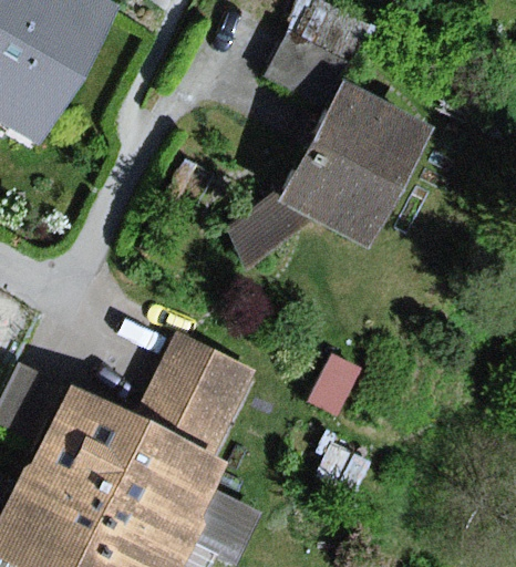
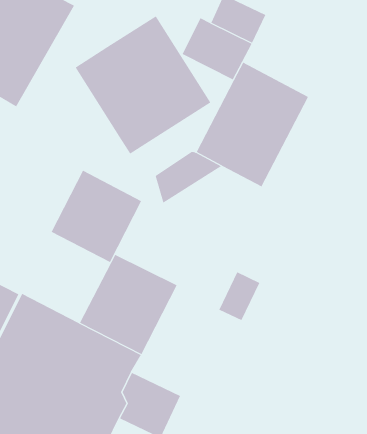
building: none -> [75,16,211,154]
building: none -> [51,170,142,263]

